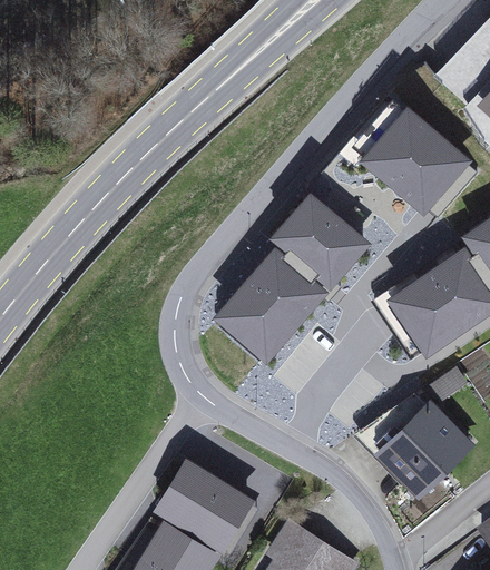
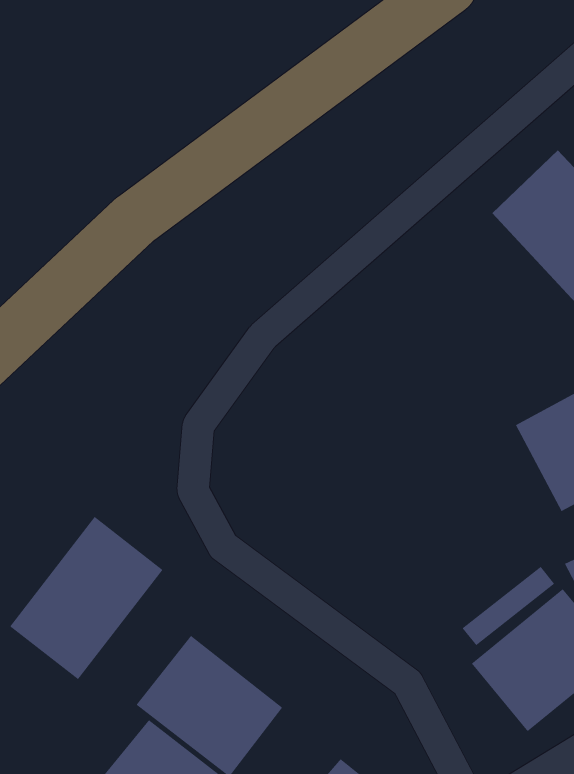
building: [217,200,363,355] -> none
building: none -> [9,516,164,680]

